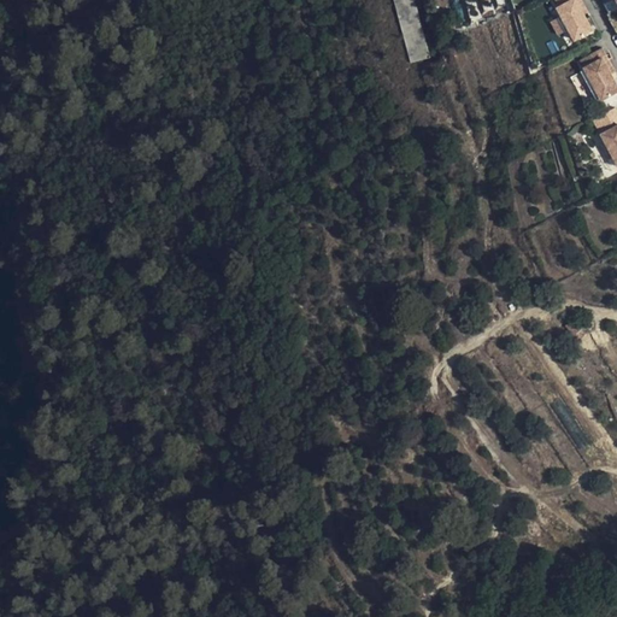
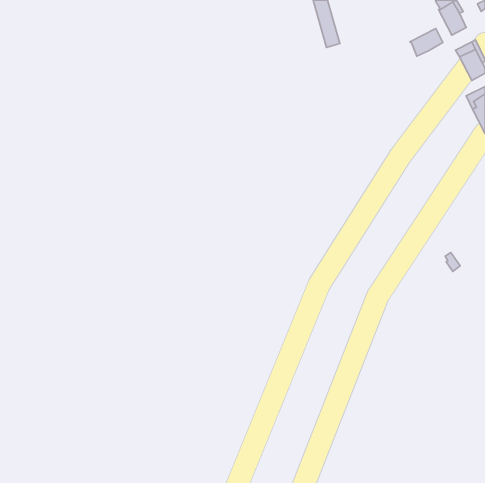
building: none -> [410,28,443,56]

